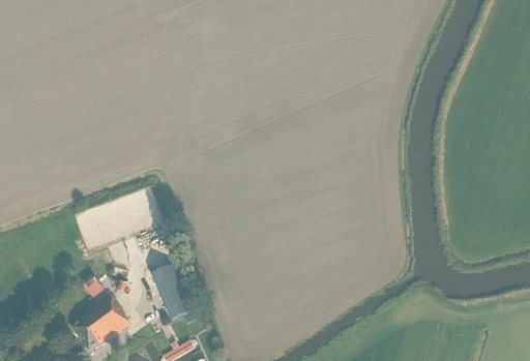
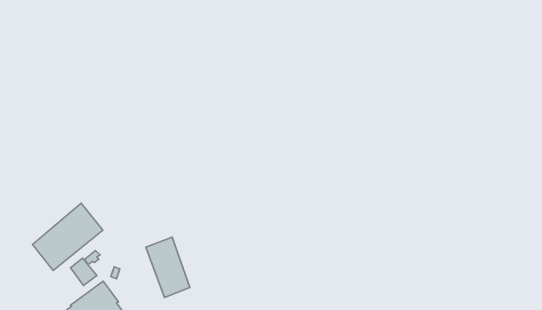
building: none -> [33,203,103,271]

